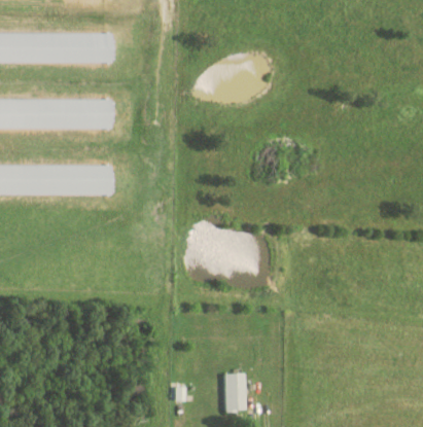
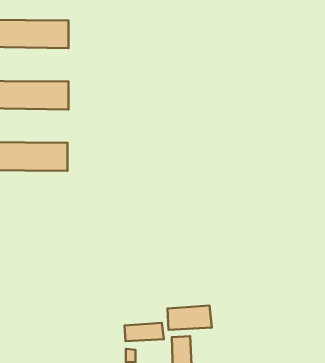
building: none -> [167,305,212,330]
building: none -> [125,323,164,341]

